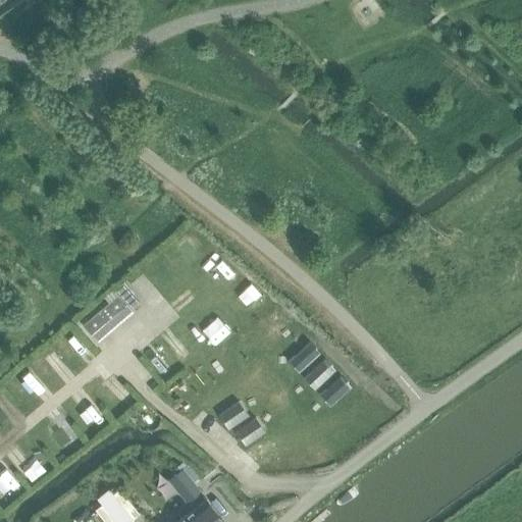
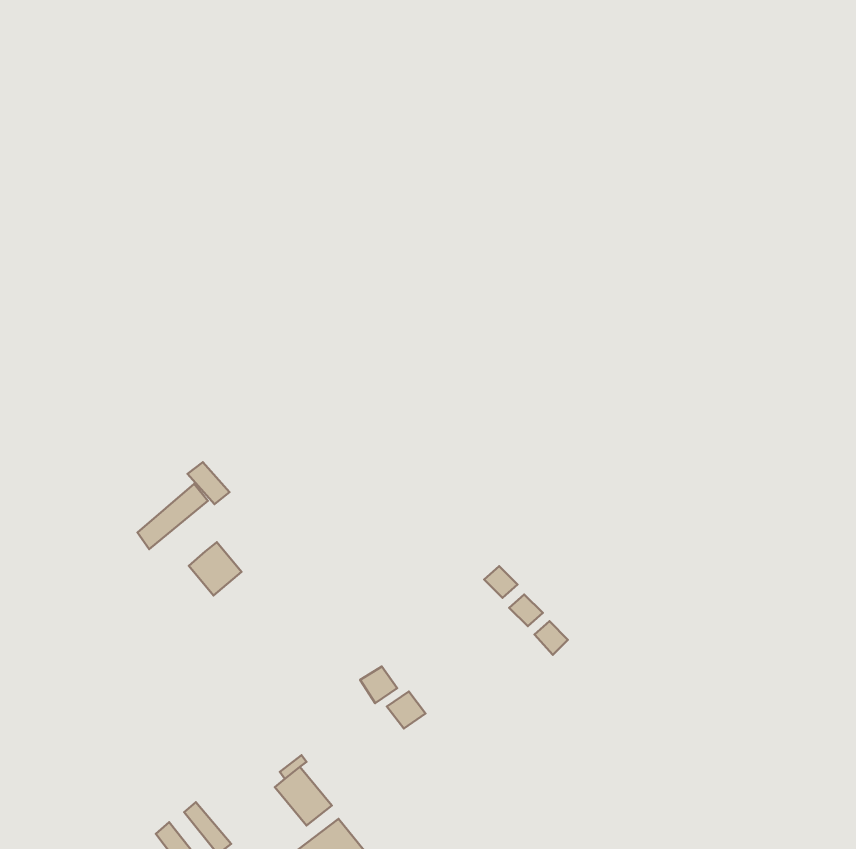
building: none -> [189,542,242,596]

